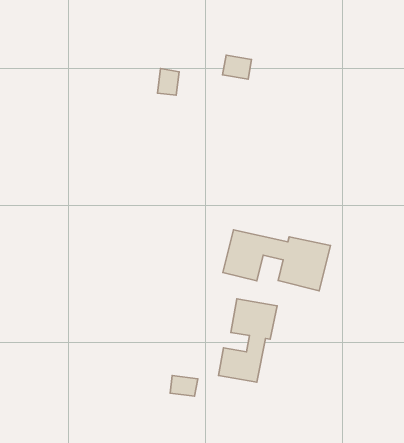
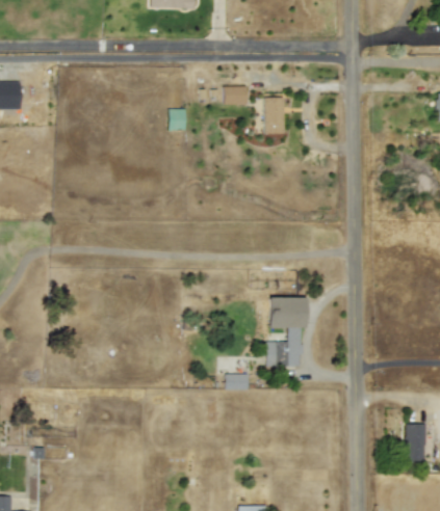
building: none -> [264,97,284,133]
building: [223,230,331,291] -> none

